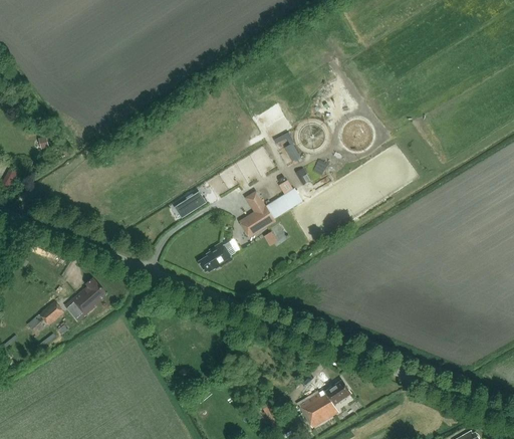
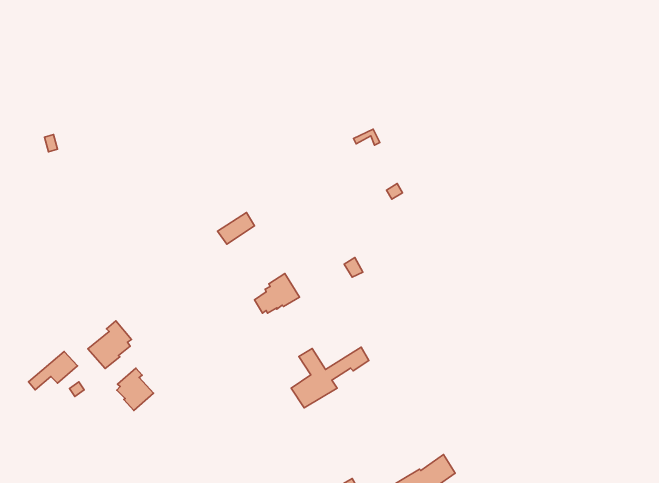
building: [239,191,298,237] -> [291,347,369,408]
building: none -> [117,368,154,410]

